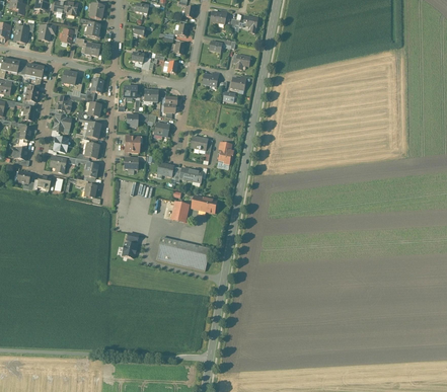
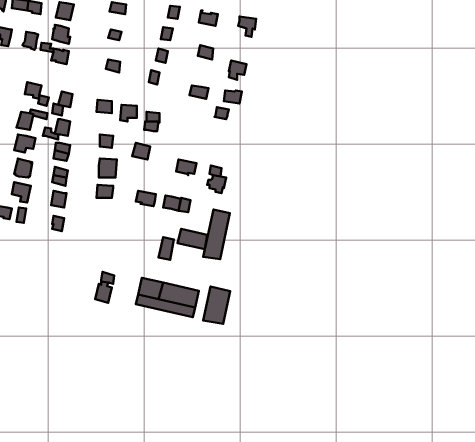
building: none -> [203,209,230,259]
building: none -> [203,287,230,324]

